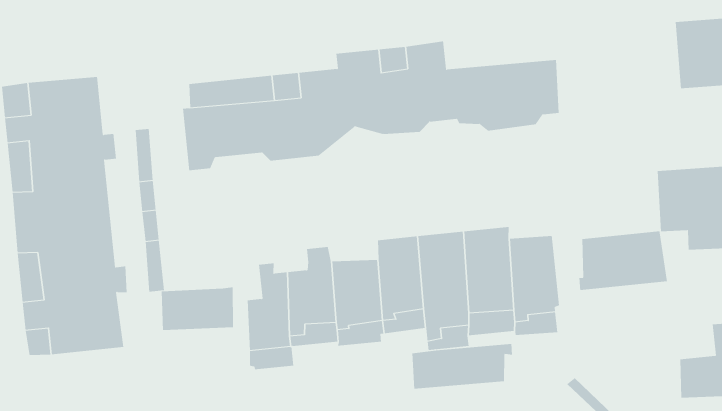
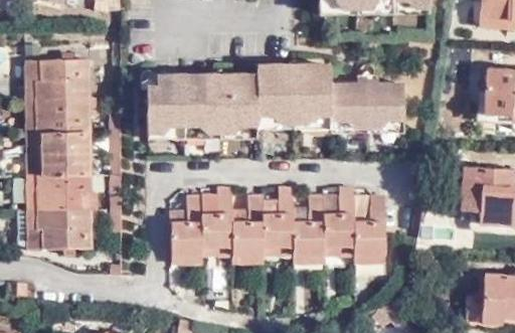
building: [579,231,668,291] -> none
building: [161,287,233,331] -> none
building: [412,343,512,389] -> none

